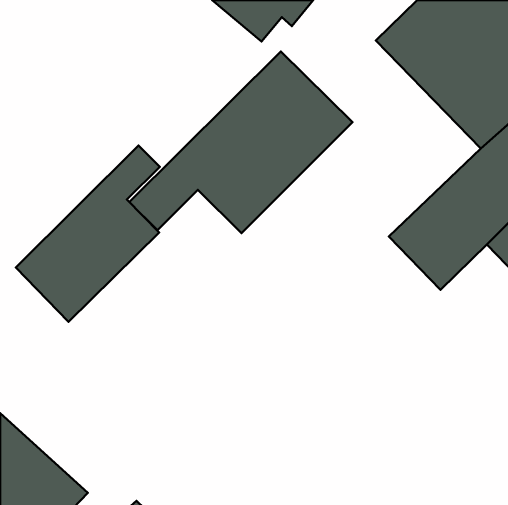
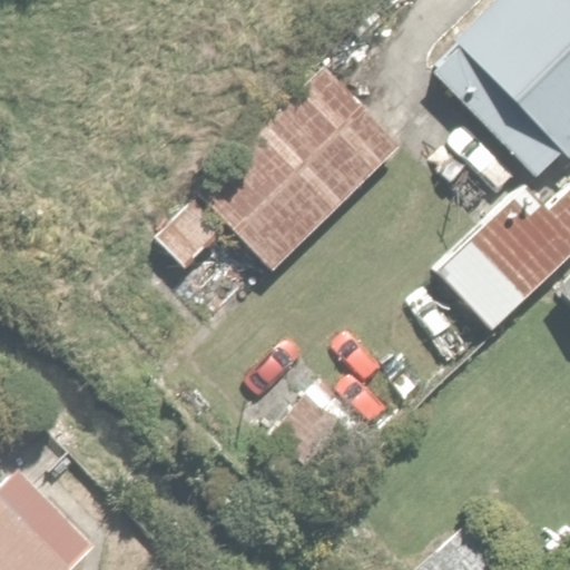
building: [16,146,160,322] -> none

